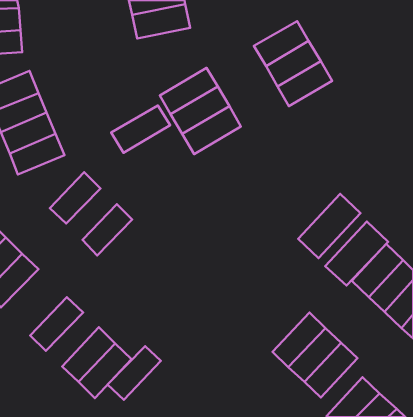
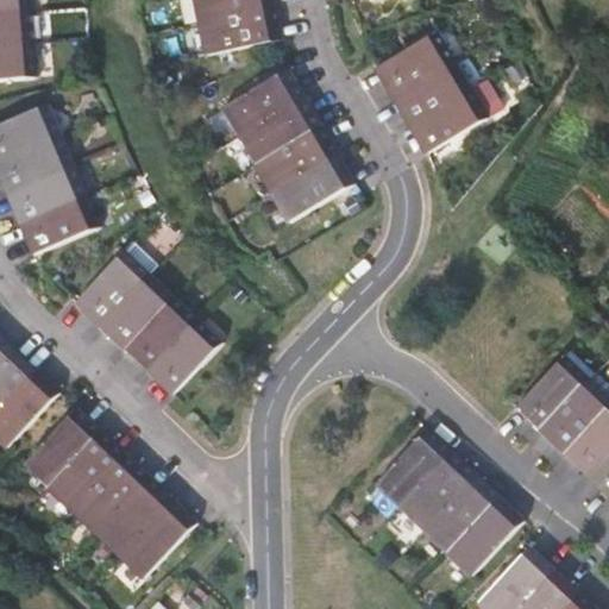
building: [111,105,170,153] -> [215,70,301,139]
building: none -> [96,275,170,350]
building: [298,194,361,258] -> none
building: none -> [142,320,216,395]
building: [325,221,388,286] -> none
building: none -> [20,409,98,489]
building: none -> [372,432,451,513]
building: [108,346,161,400] -> [67,456,144,534]

